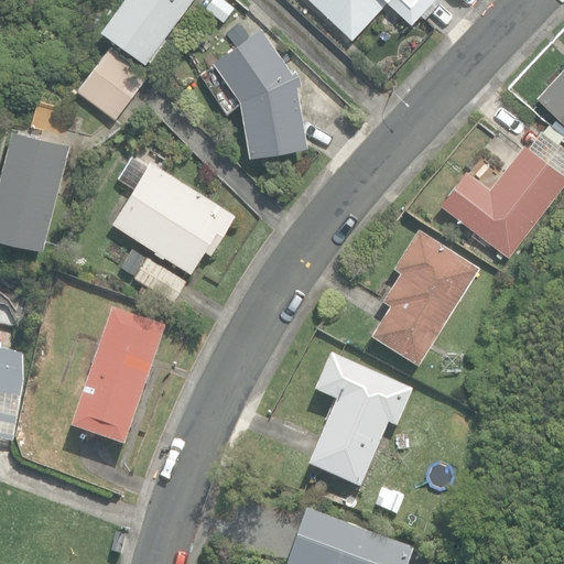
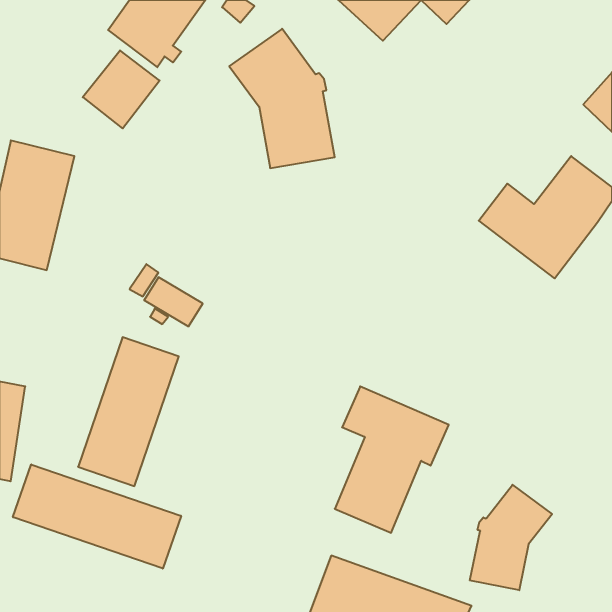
building: [110,161,235,271] -> none
building: [370,227,479,362] -> none
building: none -> [13,464,181,569]
building: none -> [470,485,552,590]

